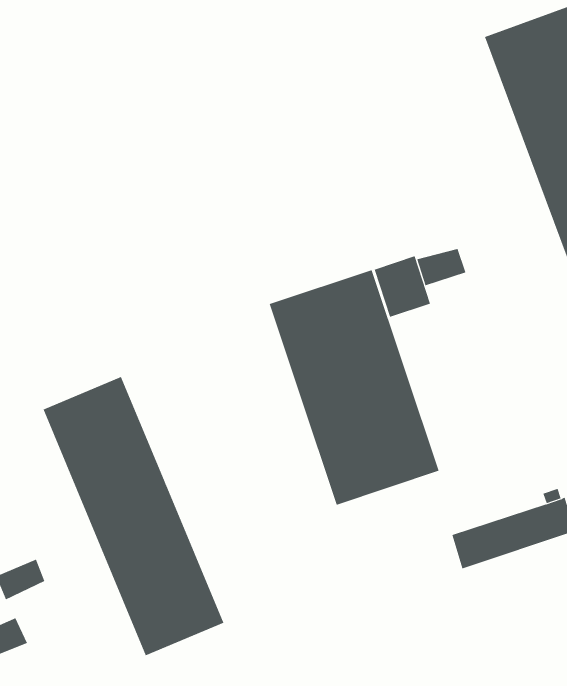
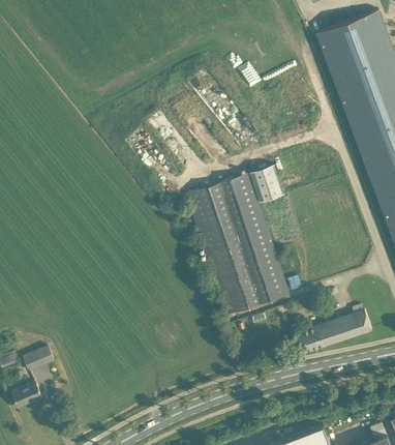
building: [417,248,466,286] -> none
building: [43,376,224,656] -> none

